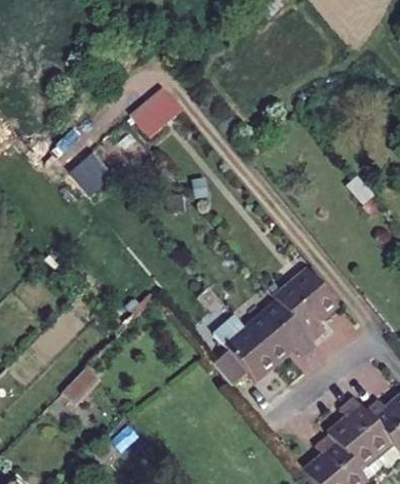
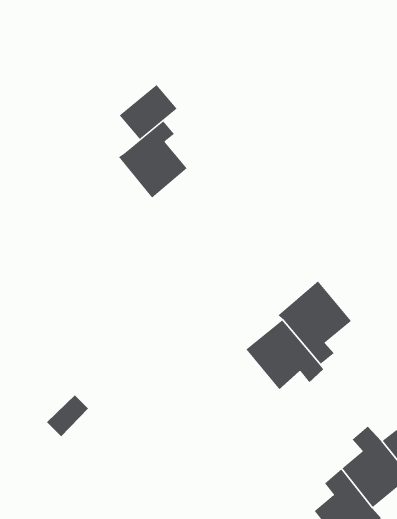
building: none -> [118,120,188,198]
building: [70,155,115,199] -> none
building: [212,324,274,380] -> none

